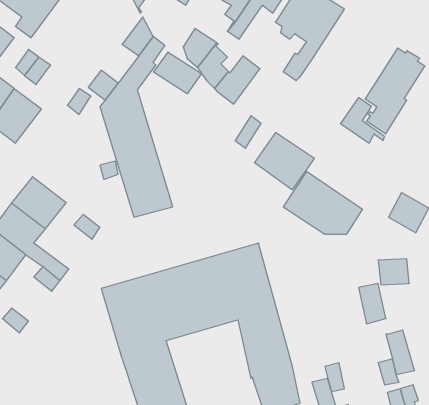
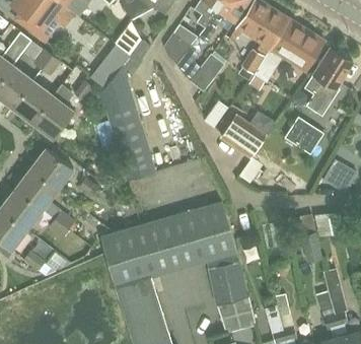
building: none -> [252,17,323,81]
building: [154,52,202,94] -> none
building: none -> [33,84,74,137]
building: none -> [285,117,323,153]

